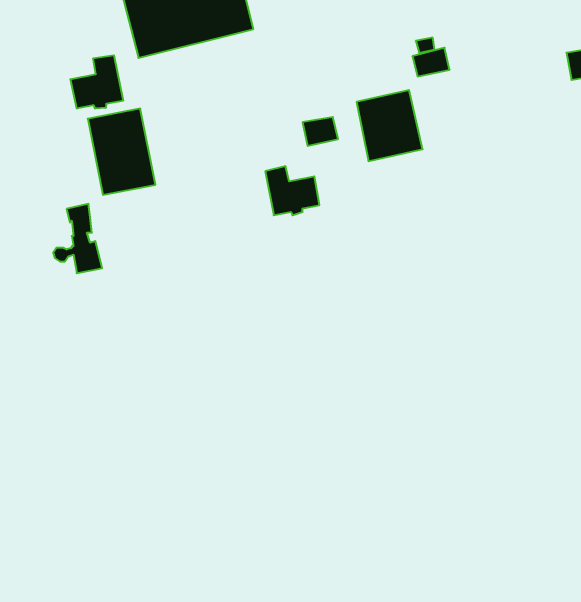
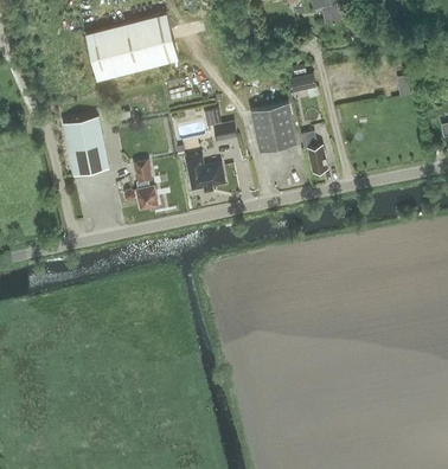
building: [71,55,123,109] -> none
building: none -> [301,133,328,173]
building: [53,204,102,273] -> [124,161,159,210]

